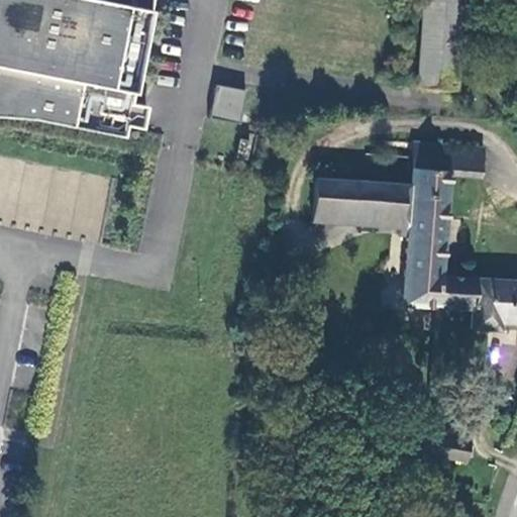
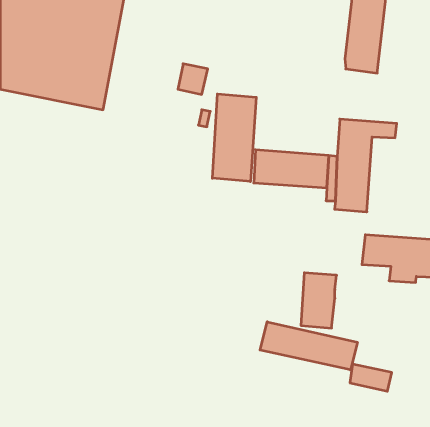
building: none -> [212,94,256,182]
building: [399,248,441,314] -> [301,273,337,328]
building: none -> [260,322,357,370]

